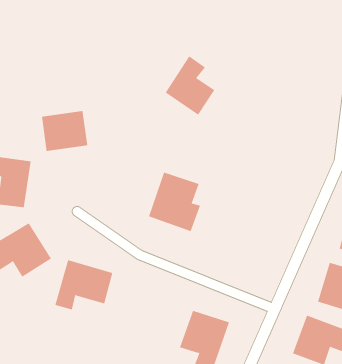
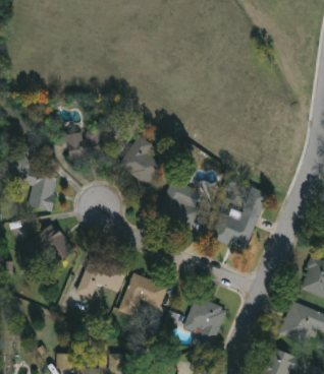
building: [165,55,215,115] -> [118,134,161,185]
building: none -> [212,187,266,250]
building: none -> [118,272,167,316]

